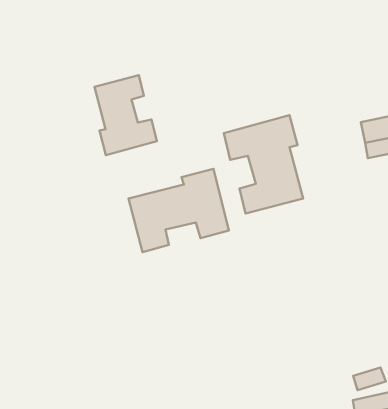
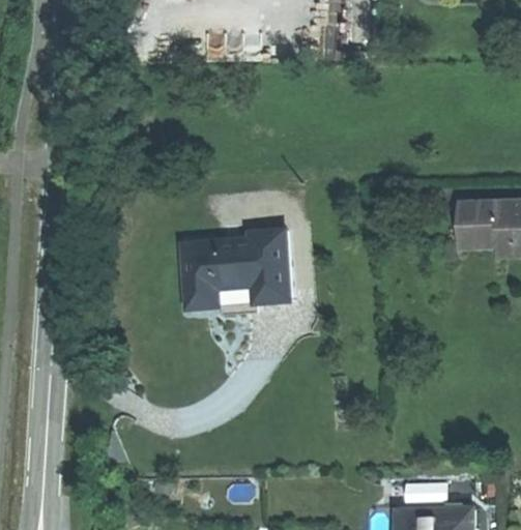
building: [94,75,157,155] -> none
building: [224,115,303,214] -> none

